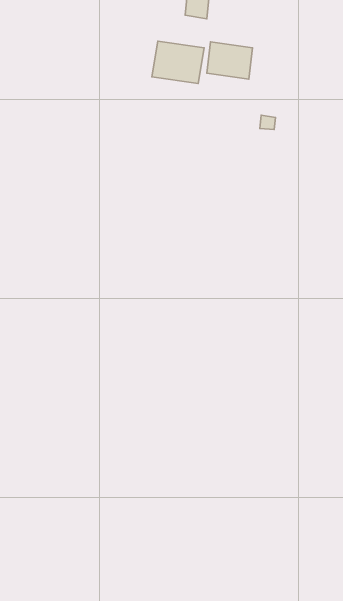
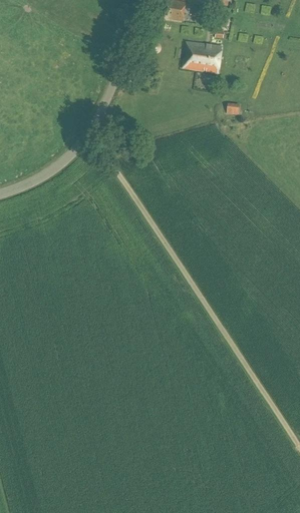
building: [152,41,204,83] -> none

